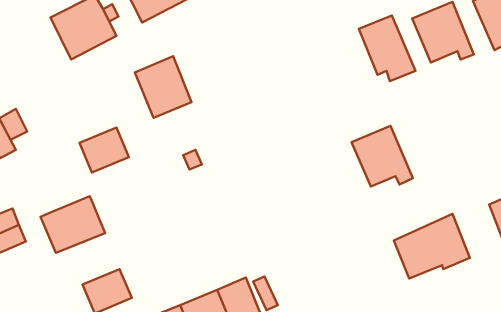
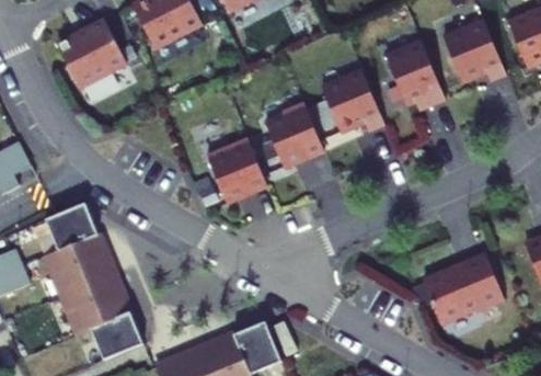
building: [135,56,191,118] -> [206,137,266,203]
building: none -> [267,112,325,175]
building: [351,126,413,187] -> [320,73,385,138]
building: [79,127,129,173] -> [45,203,97,251]
building: none -> [61,274,129,334]

